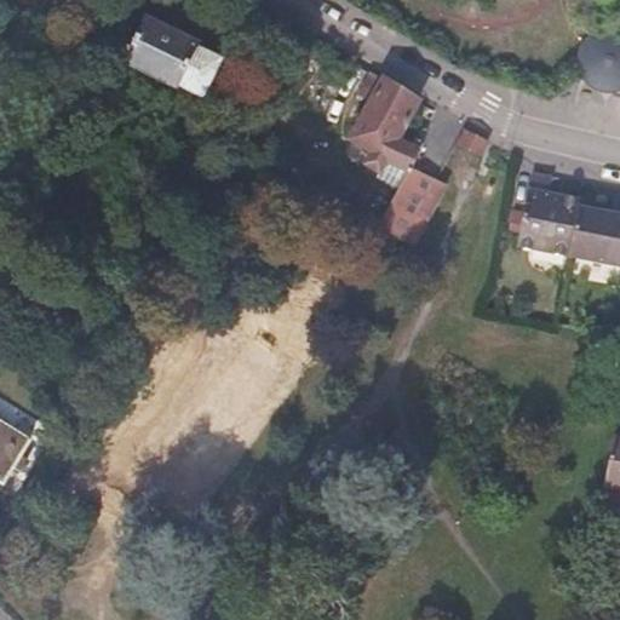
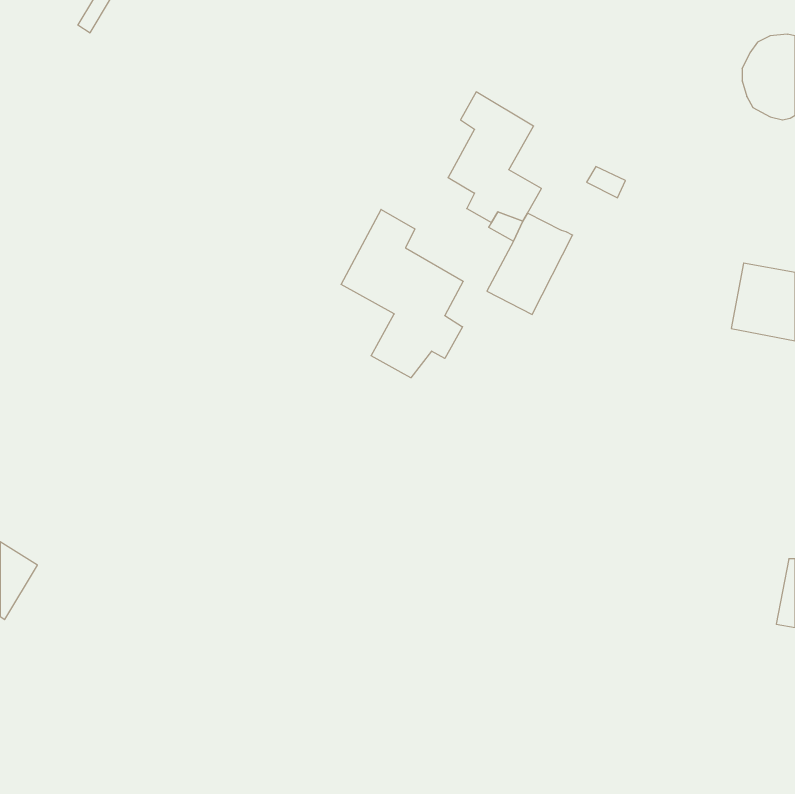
building: [125,17,222,96] -> none
building: none -> [341,209,463,378]
building: [517,173,580,256] -> none

